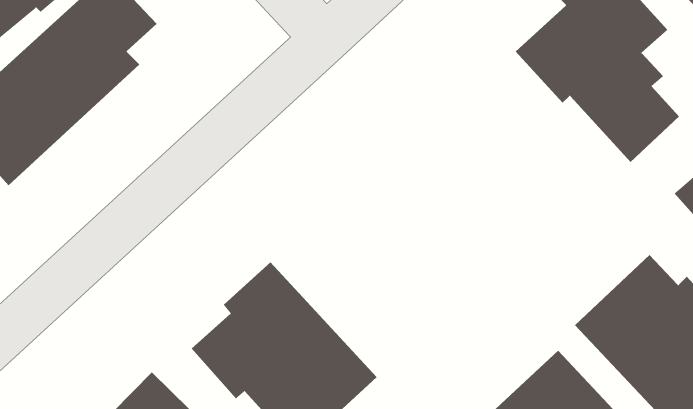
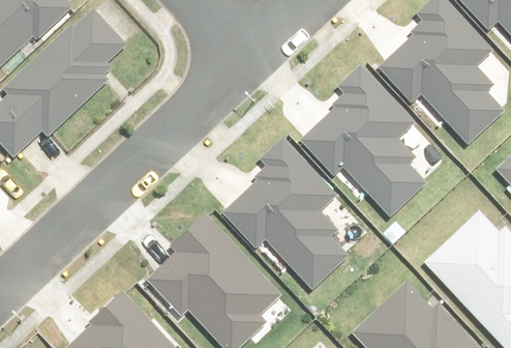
building: none -> [301,68,424,214]
building: none -> [223,143,345,290]

